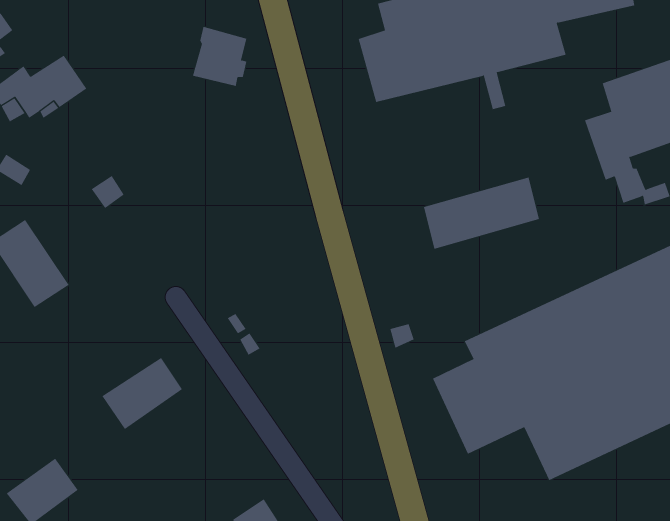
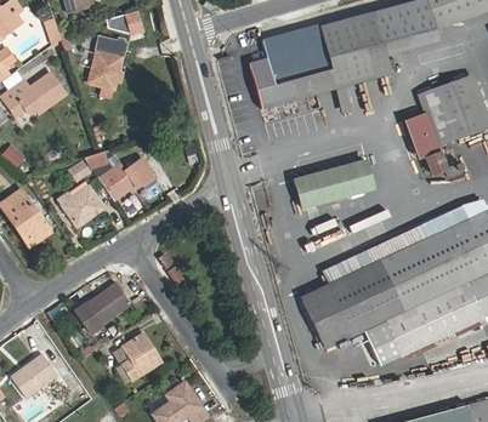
building: [192,26,247,86] -> [86,46,124,87]
building: none -> [98,155,157,200]
building: none -> [53,182,106,227]
building: none -> [119,330,163,381]

